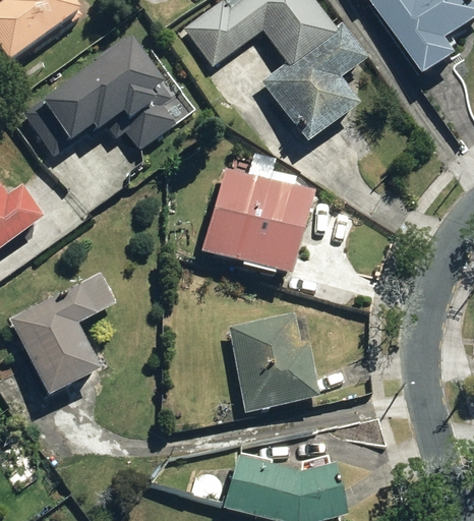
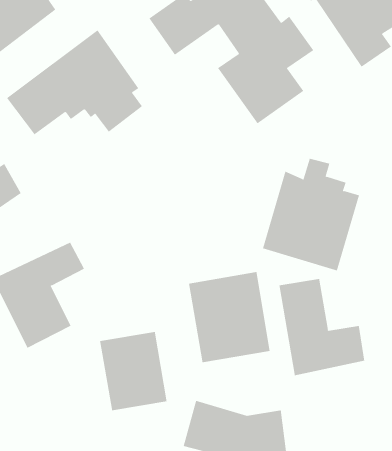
building: [200,150,310,277] -> [262,158,360,271]
building: none -> [279,278,365,376]
building: none -> [100,331,167,411]

